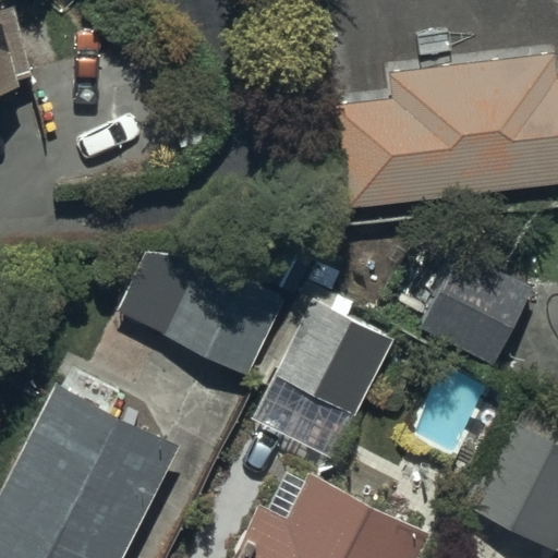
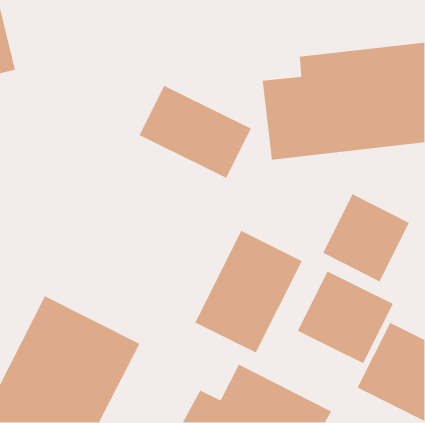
building: none -> [139,85,252,179]
building: [112,252,287,377] -> none
building: none -> [297,271,394,364]

